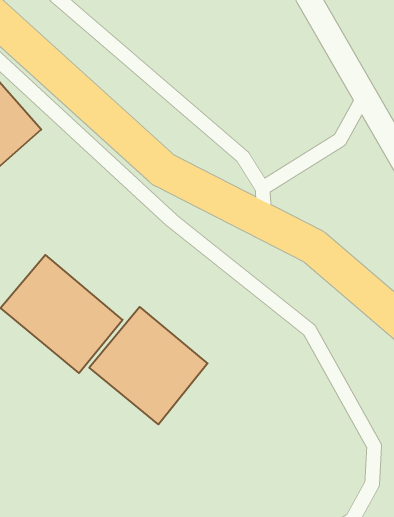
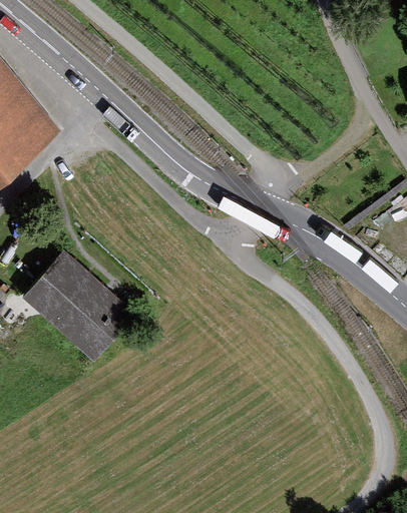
building: [89,307,208,424] -> none

